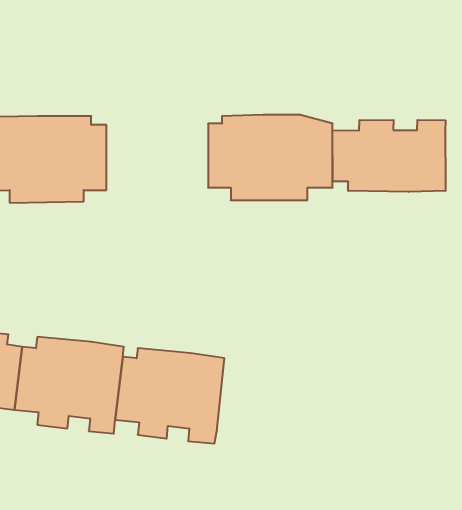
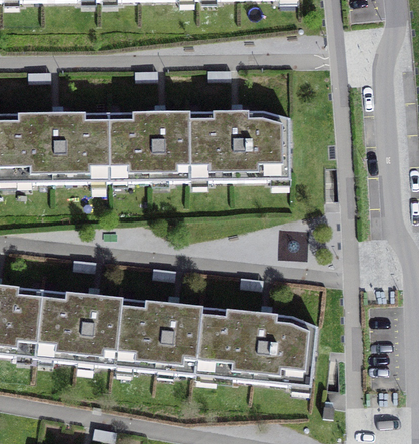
building: none -> [106,111,188,180]
building: [333,120,445,192] -> none
building: none -> [194,306,315,384]

